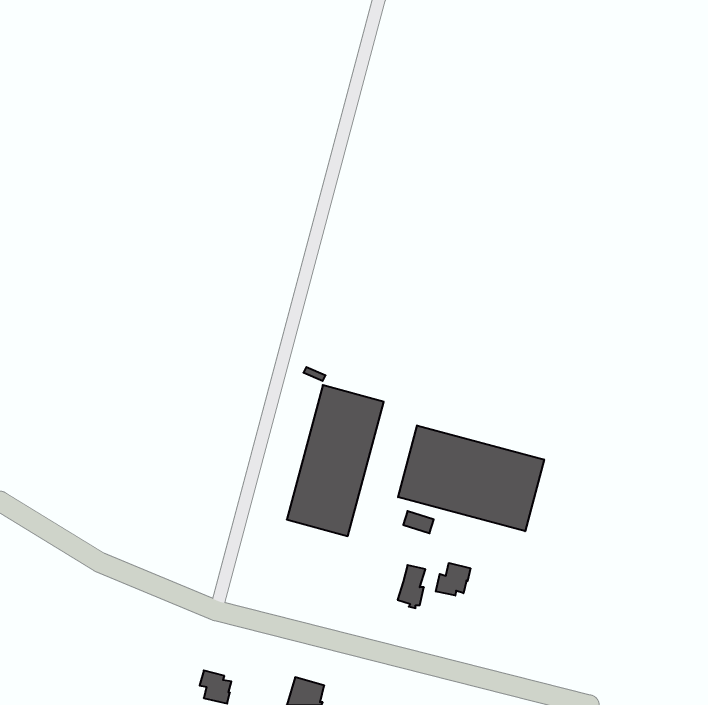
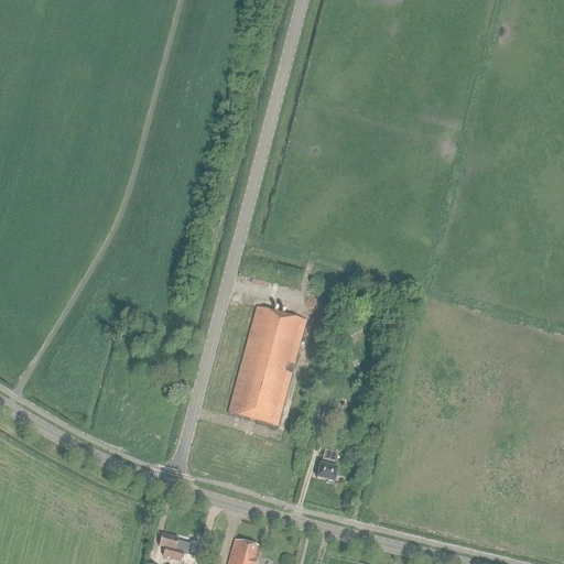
building: [398,425,544,531] -> none
building: [436,563,470,596] -> none

